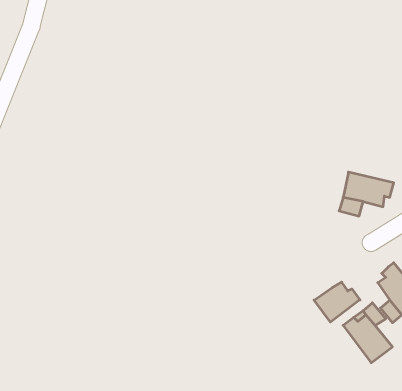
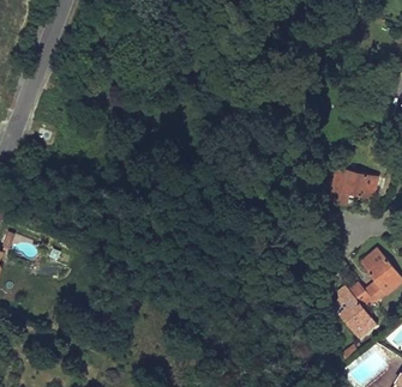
building: [314,282,360,322] -> none

